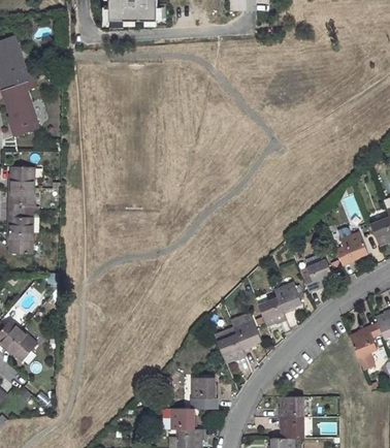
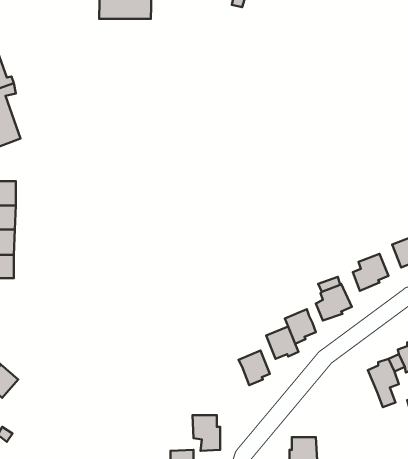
building: [217,332,246,360] -> none

